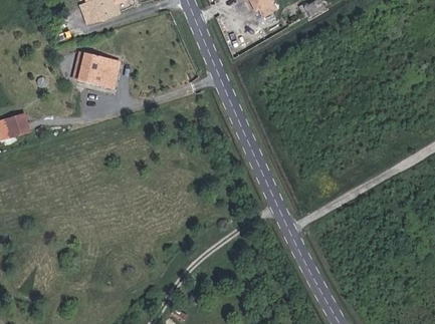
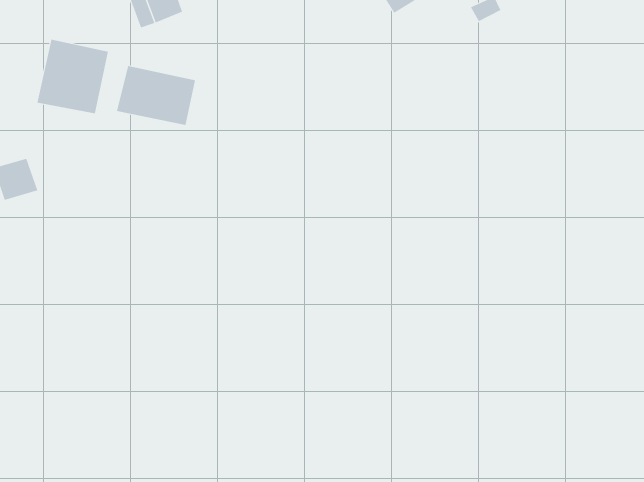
building: none -> [37,39,108,114]

